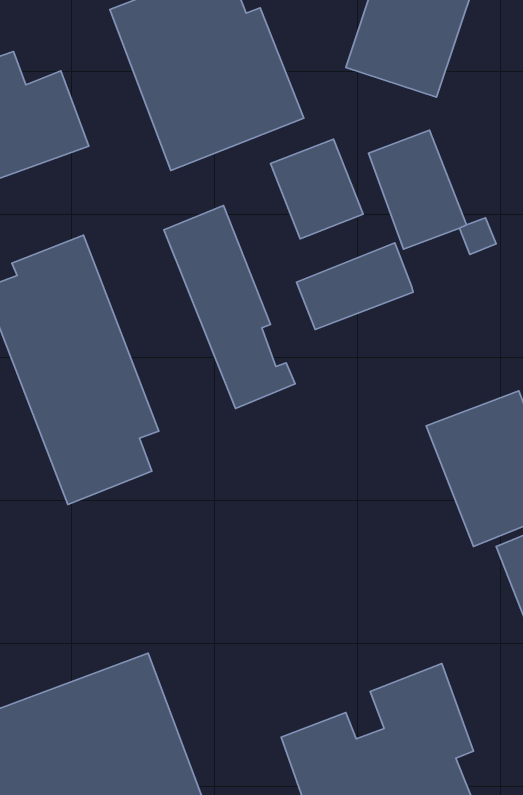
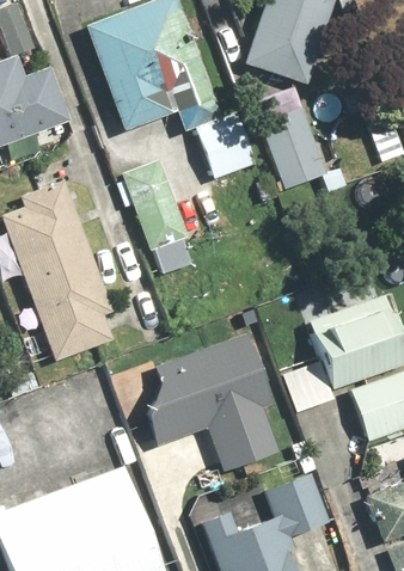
building: [297,243,413,329] -> none
building: none -> [135,332,280,473]

